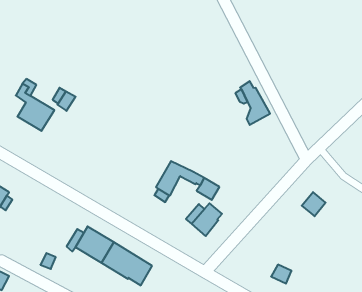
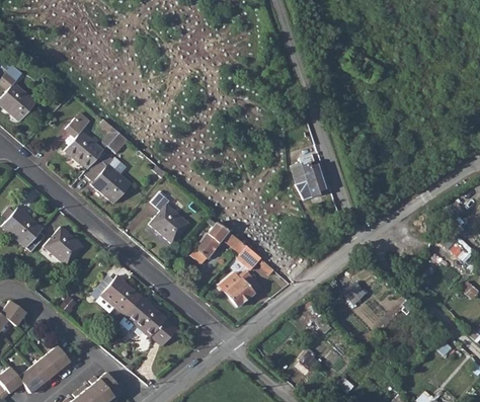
building: none -> [84,152,130,202]
building: none -> [150,191,188,242]
building: none -> [43,225,82,263]

